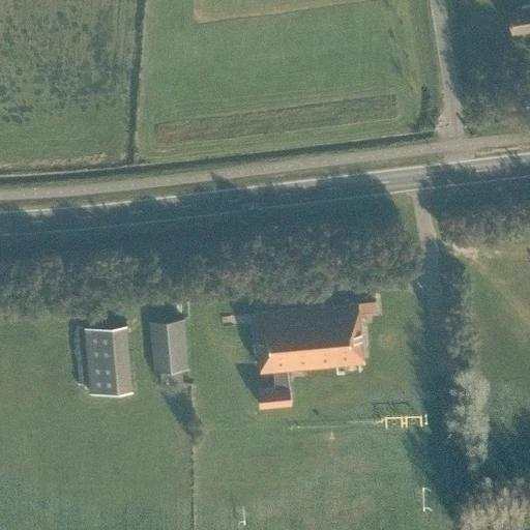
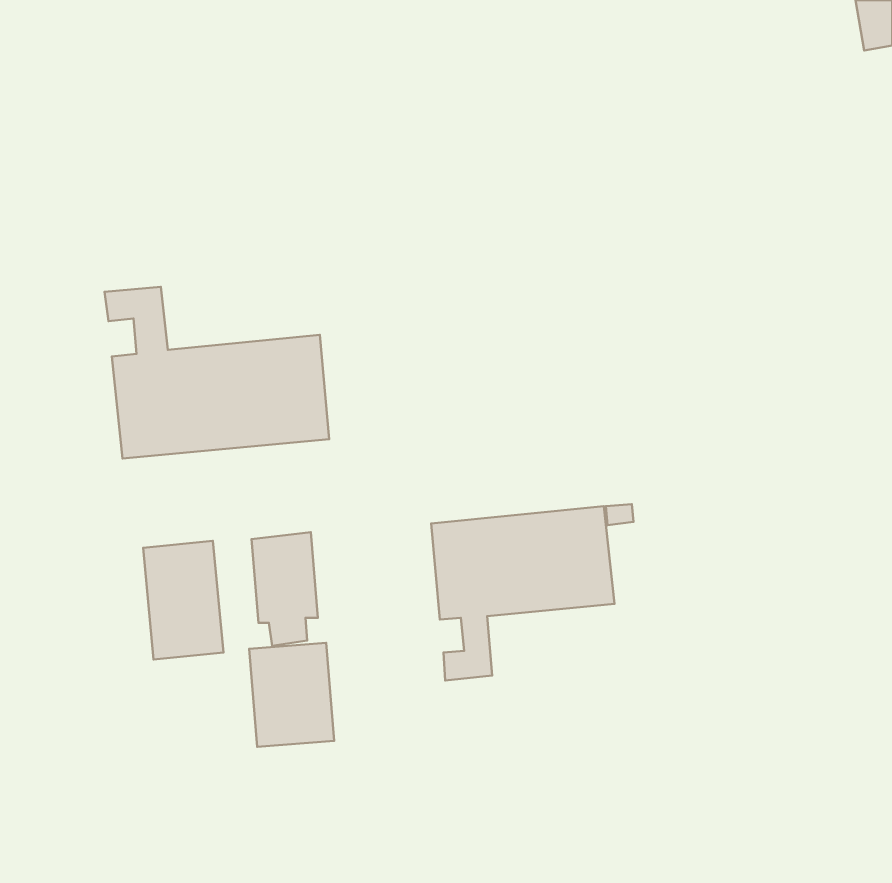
building: none -> [105,287,329,458]
building: none -> [249,643,334,747]

